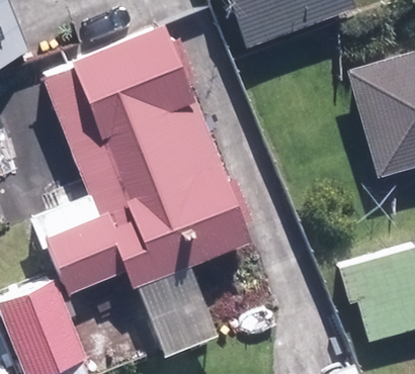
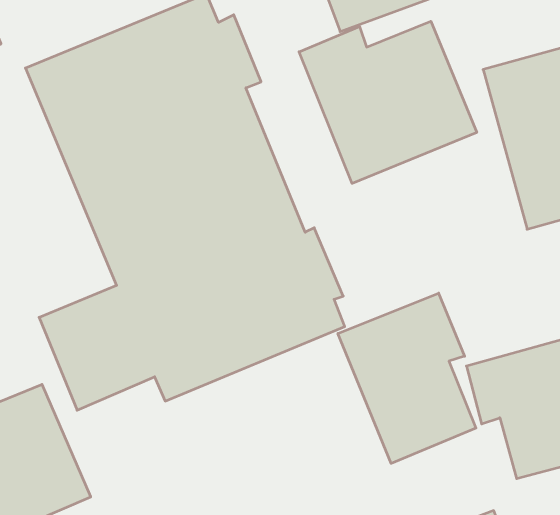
building: none -> [299,21,477,183]
building: none -> [338,293,476,463]

